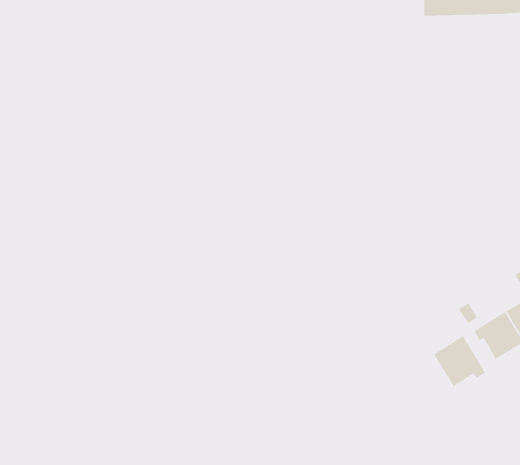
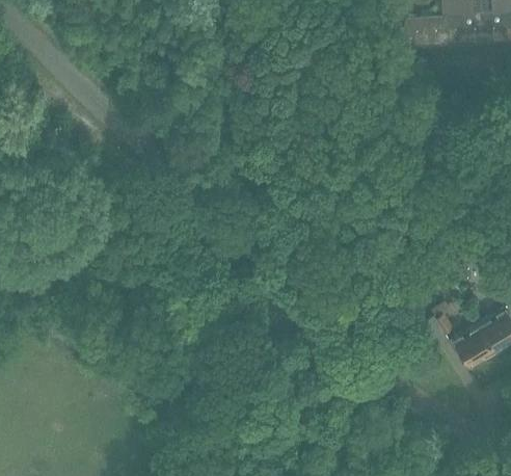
building: [433,335,486,387] -> none

